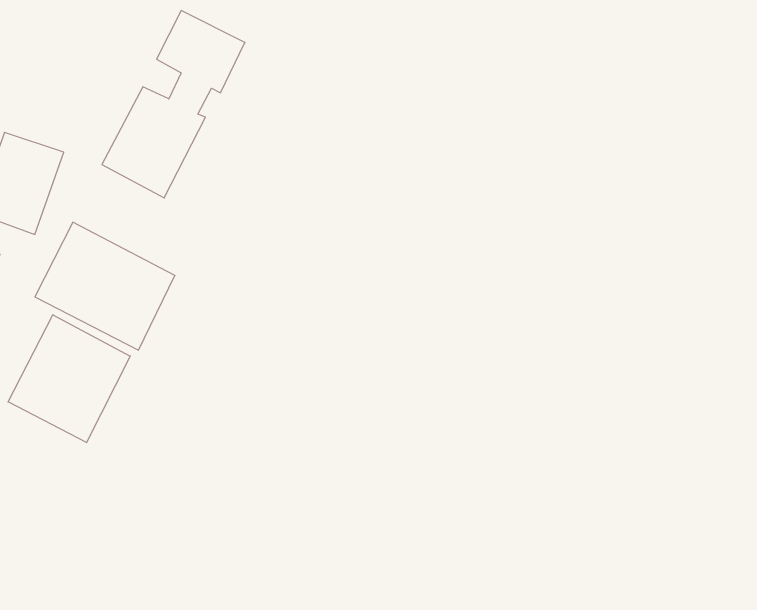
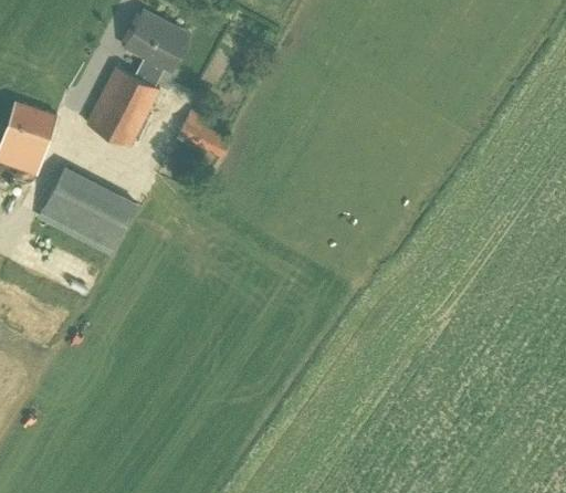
building: none -> [178,112,231,159]
building: [8,315,130,443] -> none

